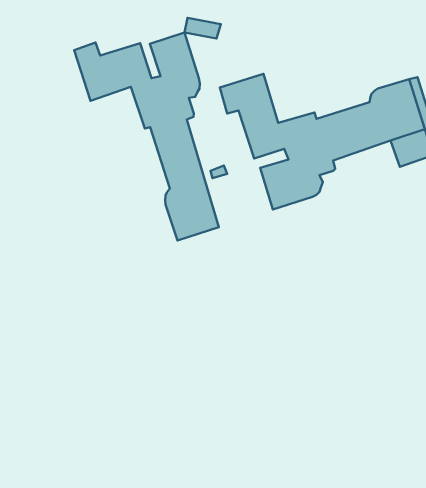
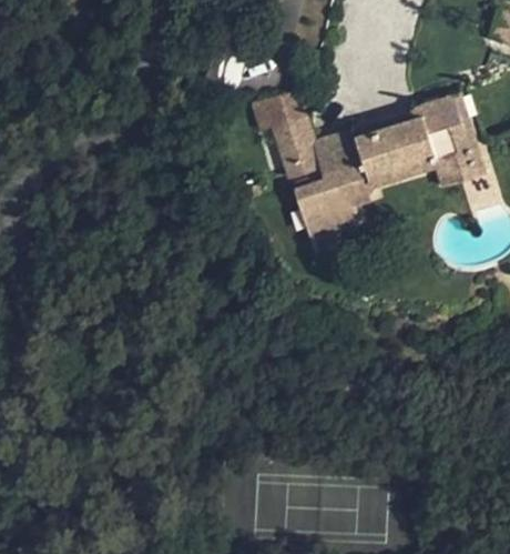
building: [74,32,219,241] -> none

